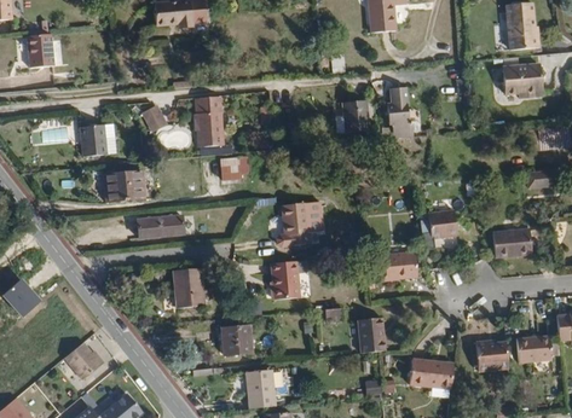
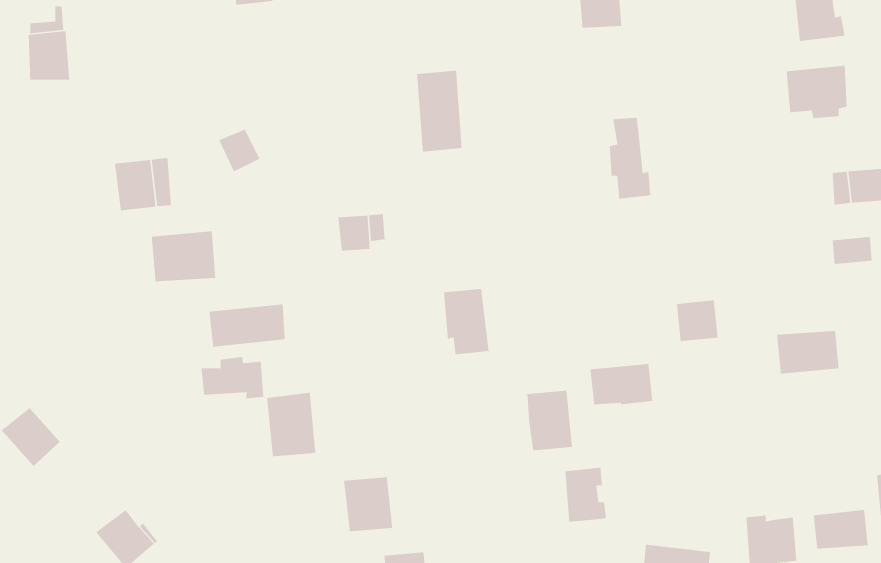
building: [192,95,221,147] -> [416,70,462,152]
building: [341,111,366,141] -> none
building: none -> [201,356,264,399]
building: [272,262,301,301] -> [527,390,573,451]

